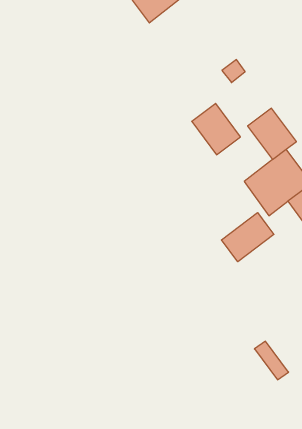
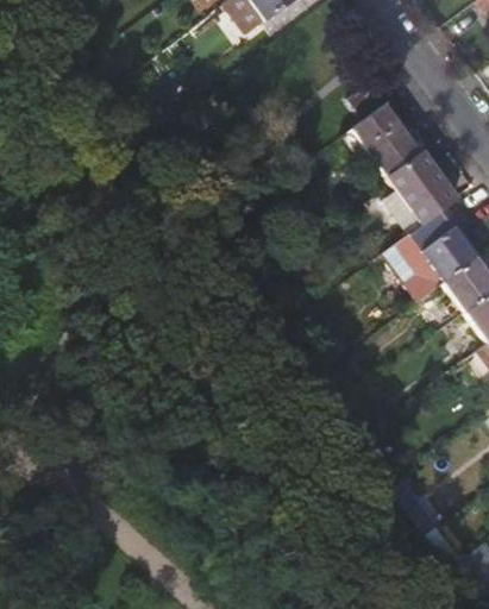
building: [192,103,240,155] -> [355,105,422,176]
building: [221,213,274,262] -> none

